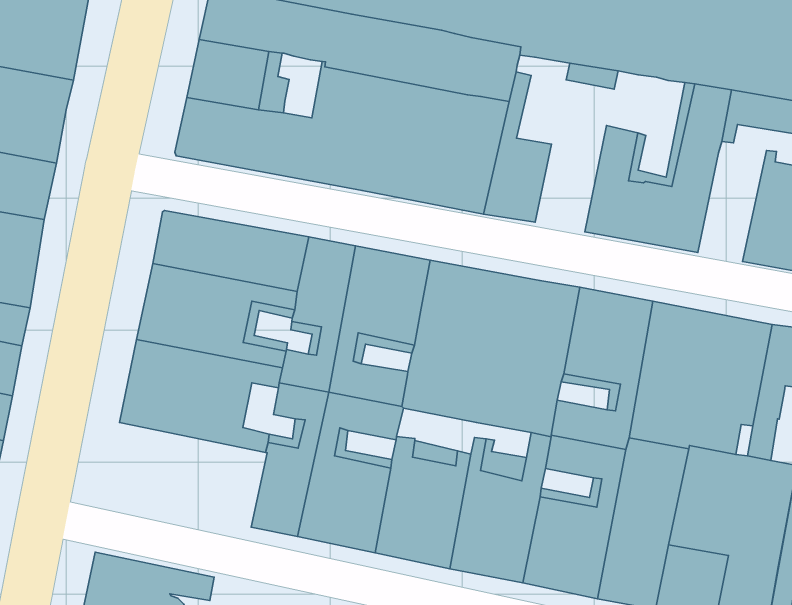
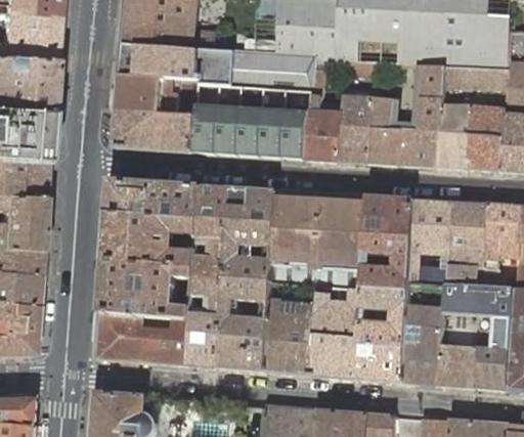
building: none -> [339,94,375,163]
building: none -> [439,98,474,169]
building: none -> [100,312,194,365]

